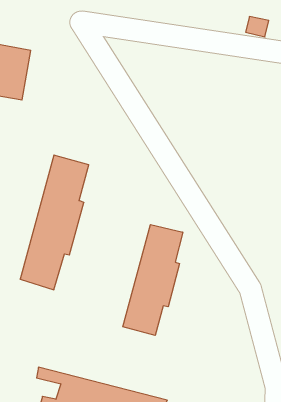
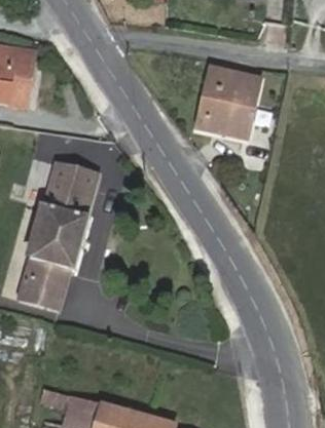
building: none -> [197,69,259,138]
building: [123,225,183,335] -> none

